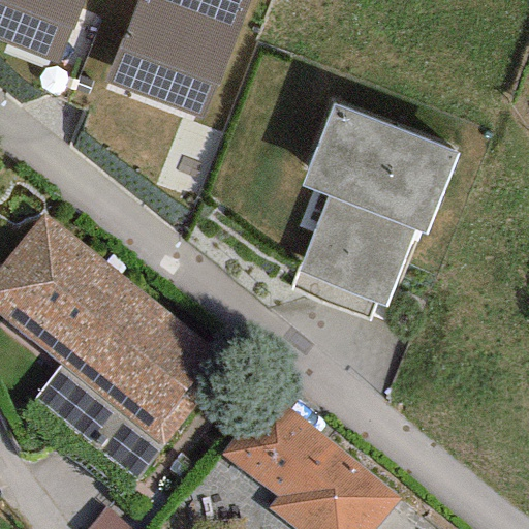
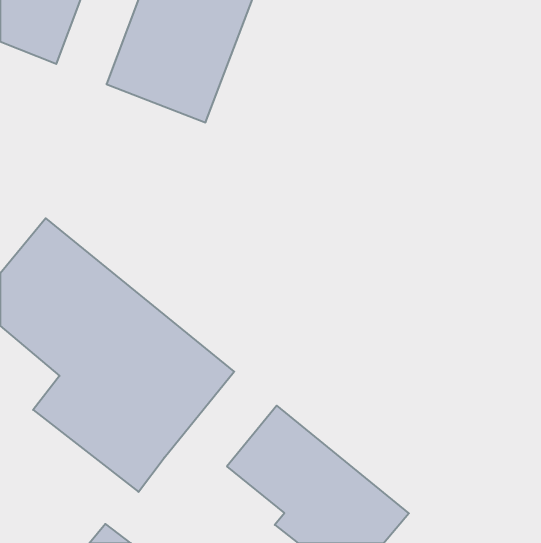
building: [290,104,459,321] -> none

